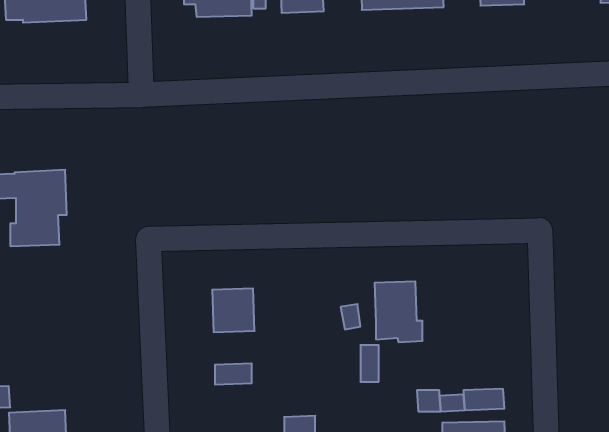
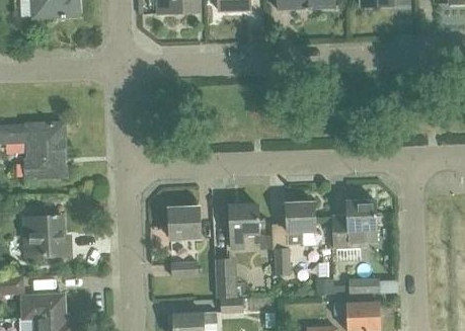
building: none -> [329,199,377,246]
building: none -> [229,204,258,248]
building: none -> [24,218,70,257]
building: none -> [214,259,237,298]

